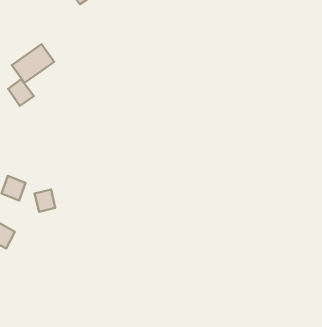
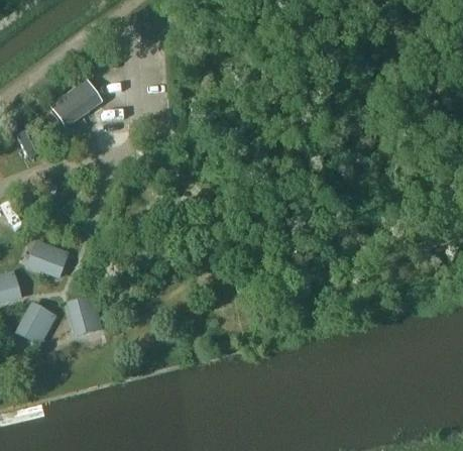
building: [8,79,34,106] -> none
building: [34,190,55,212] -> [69,298,95,326]

